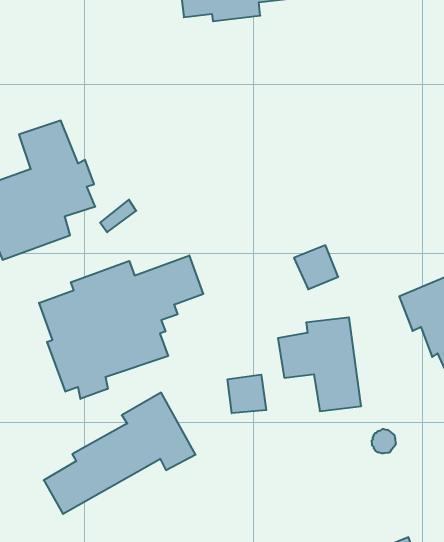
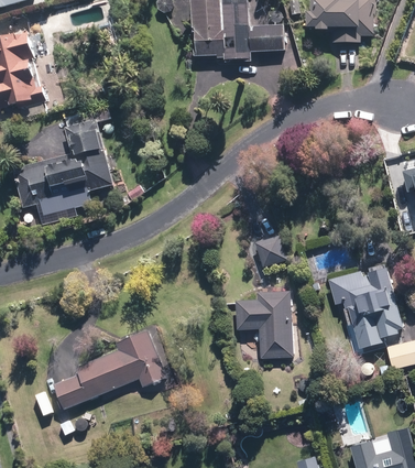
building: [39,255,203,399] -> none
building: [228,375,266,413] -> none

